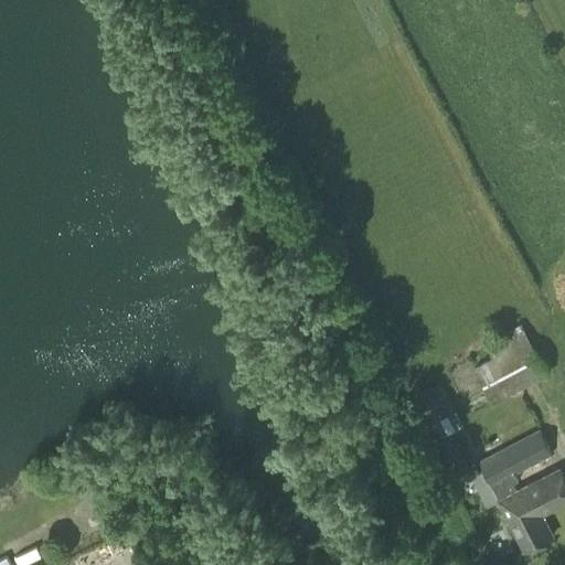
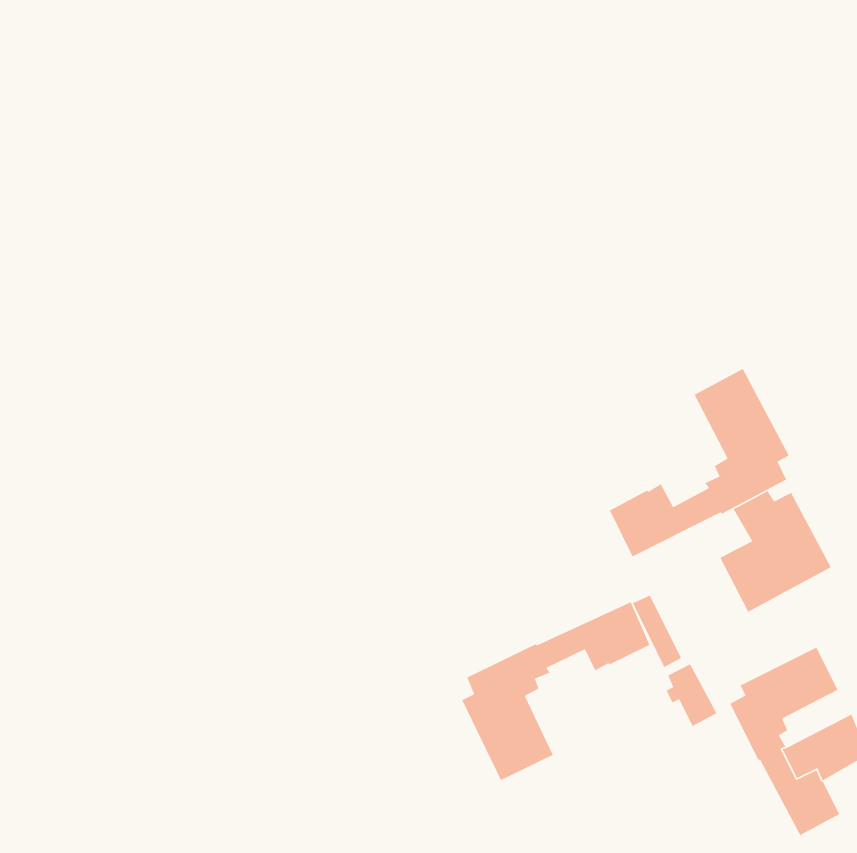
building: none -> [609,368,790,557]
building: none -> [461,601,651,781]

